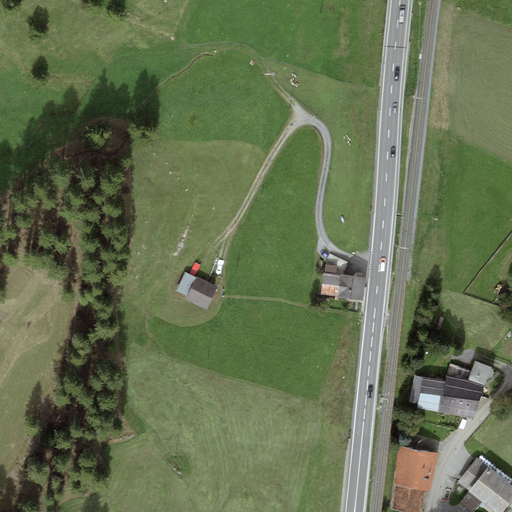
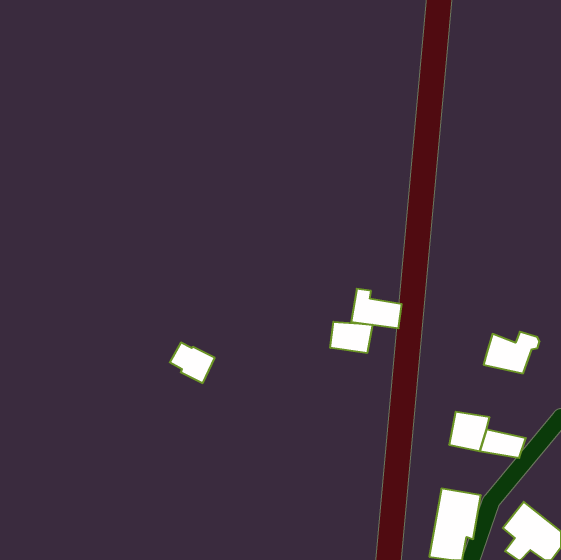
building: [176,271,217,308] -> [170,343,215,383]
building: none -> [330,322,373,353]
building: [443,361,494,399] -> [484,332,540,373]

